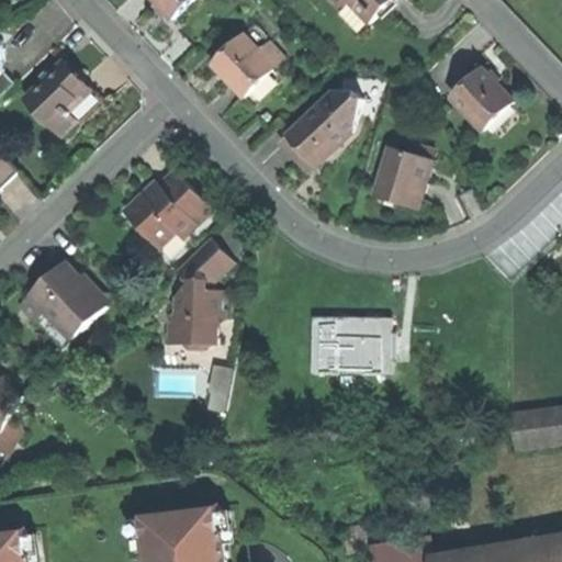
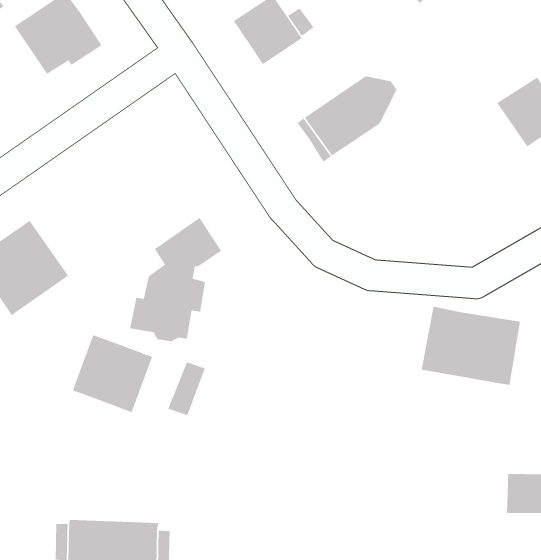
building: [374,143,429,198] -> none
building: [122,169,210,247] -> none
building: [310,316,389,374] -> [421,306,521,386]
building: none -> [72,334,153,413]

